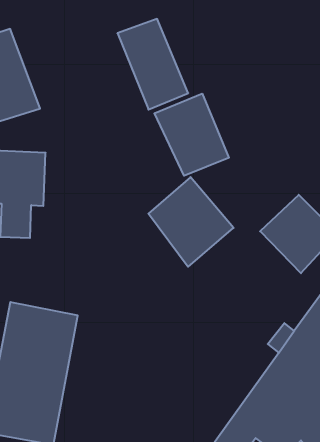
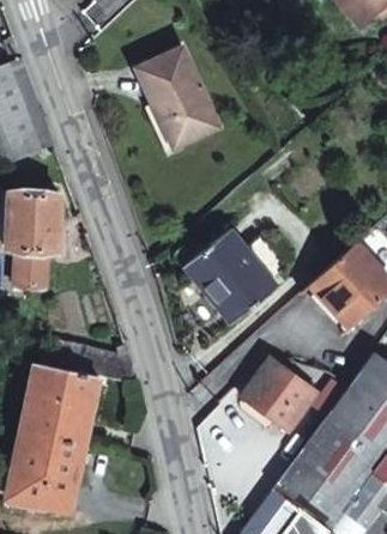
building: [154,94,229,176] -> none
building: none -> [234,359,307,430]

